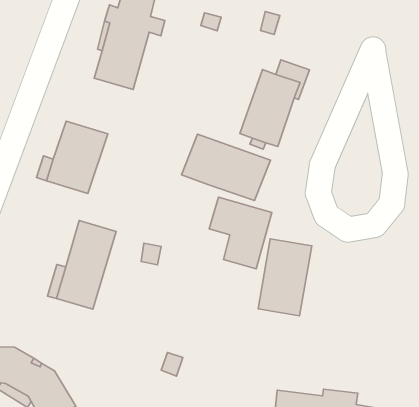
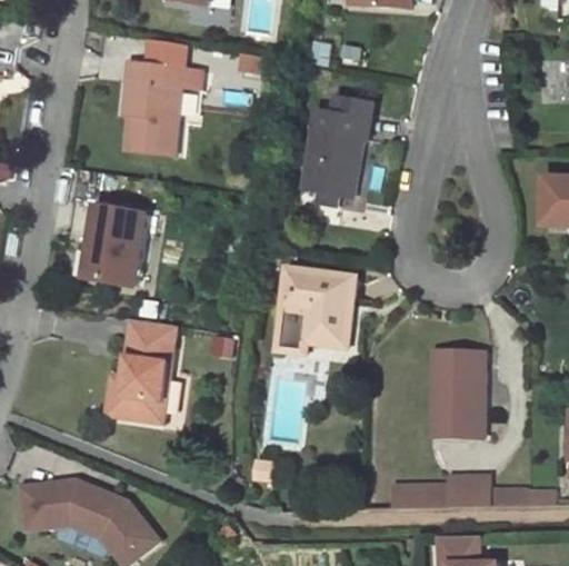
building: [181,134,271,201] -> none
building: none -> [280,307,311,351]
building: [258,239,312,316] -> [432,350,485,436]

